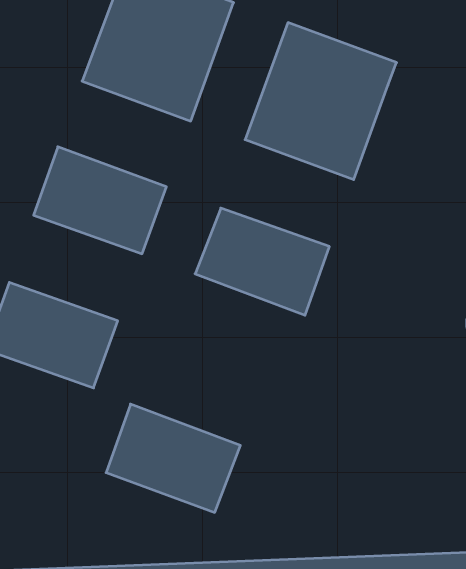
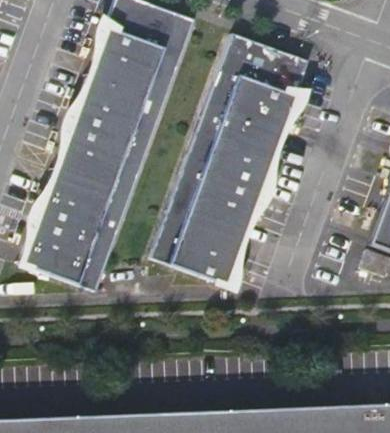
building: none -> [72,75,165,149]
building: none -> [186,116,279,191]
building: none -> [38,169,131,243]
building: [106,404,240,512] -> [151,210,245,286]

